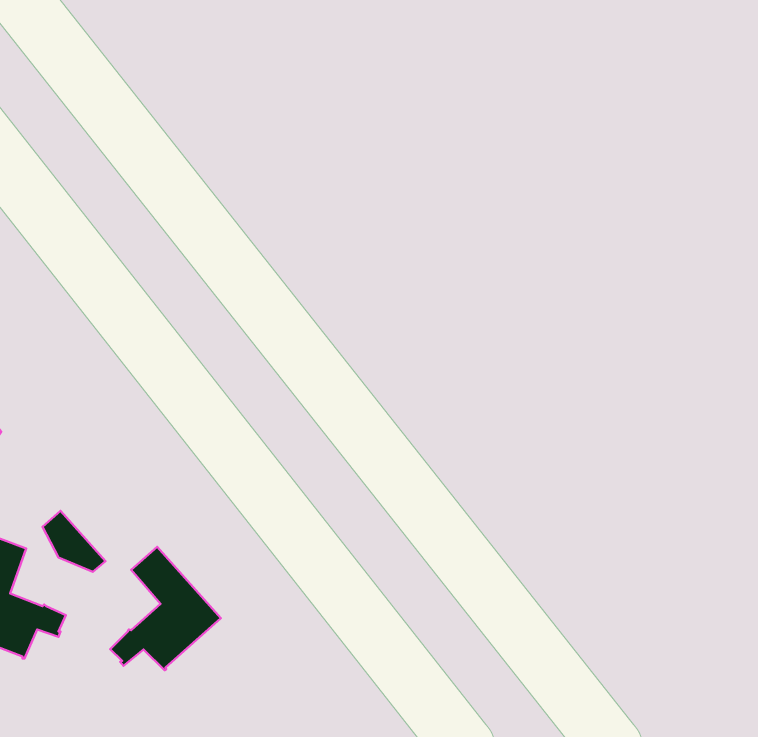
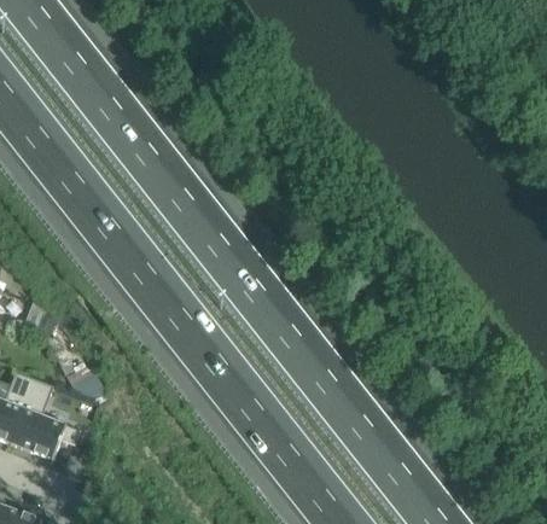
building: [110,547,221,670] -> none

